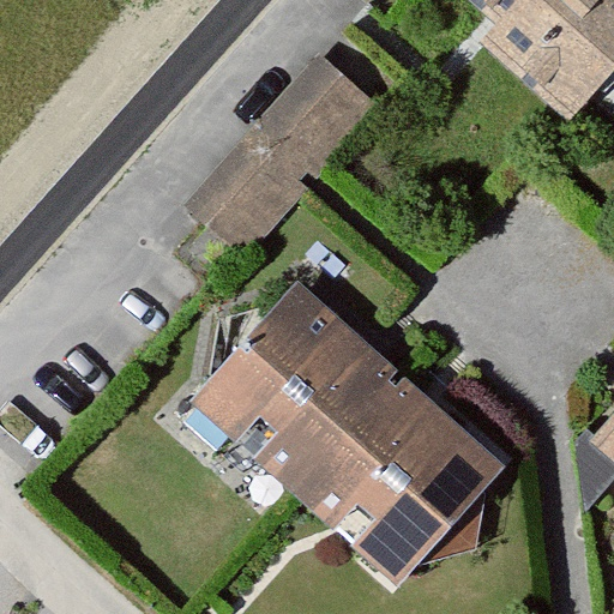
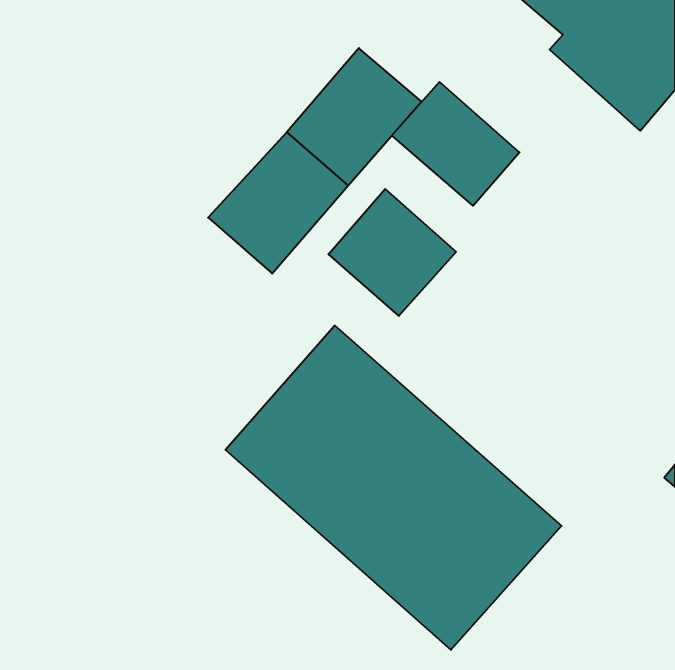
building: none -> [392,82,520,206]
building: none -> [328,189,456,316]

